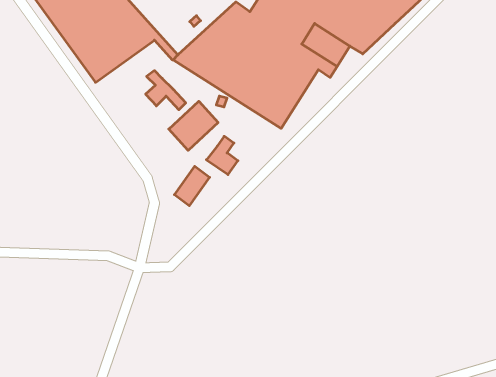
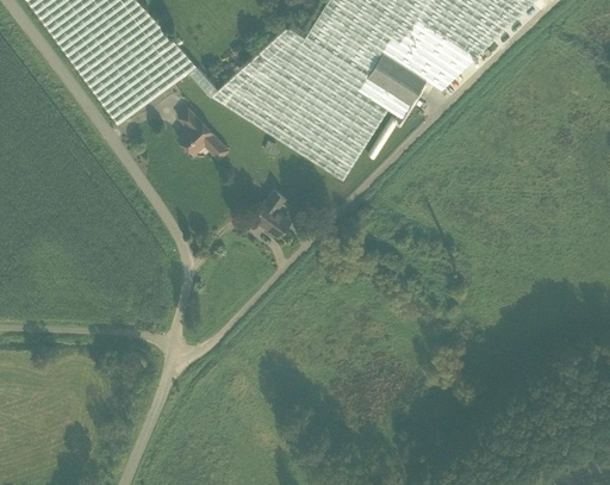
building: [169,101,218,150] -> none
building: [174,166,210,206] -> none

